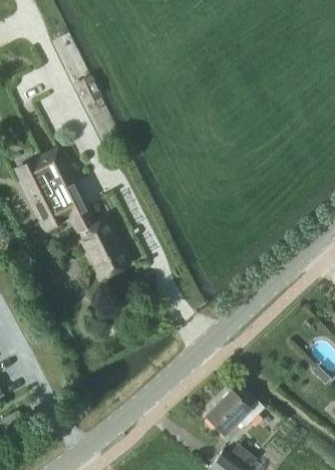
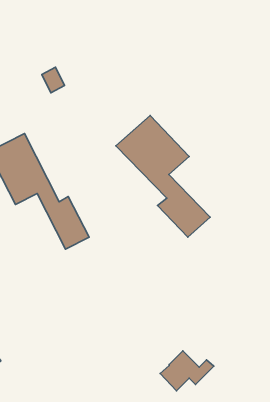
building: none -> [116,115,210,237]

